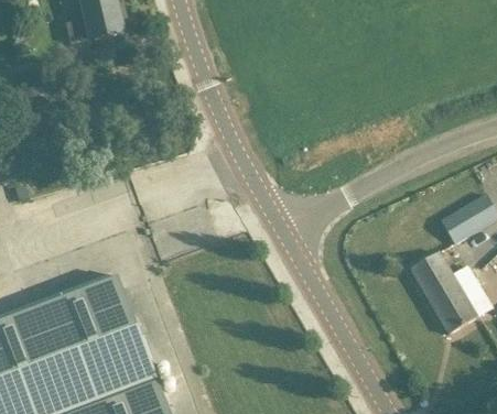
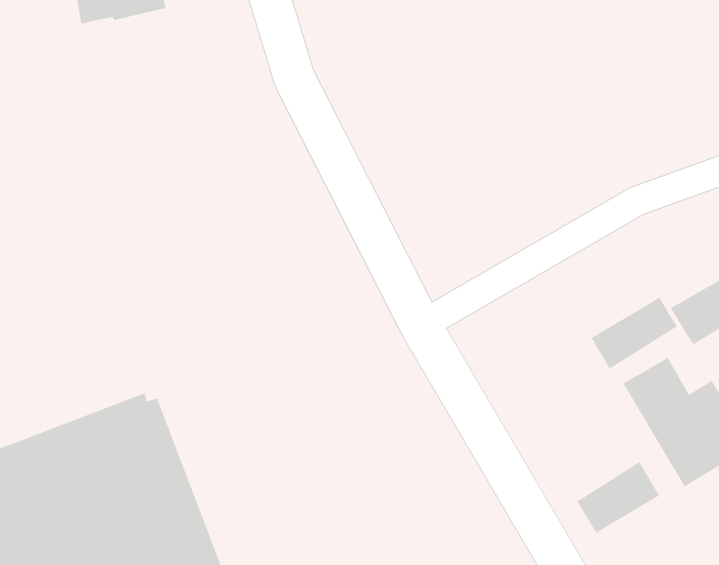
building: none -> [591,297,677,369]
building: none -> [577,461,660,534]

